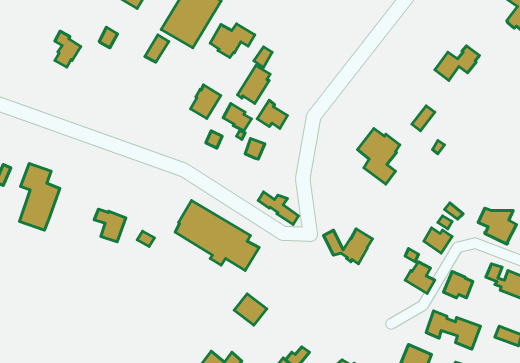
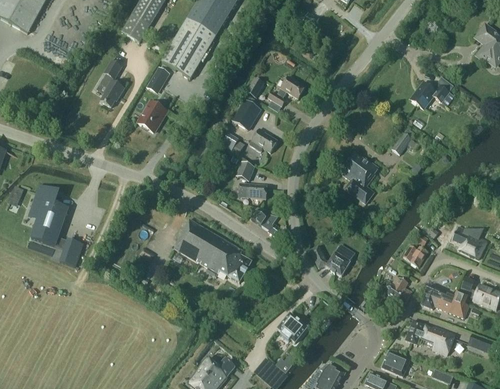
building: [210,24,255,58] -> none
building: [55,31,81,67] -> [100,74,124,107]
building: none -> [268,76,305,106]
building: [190,85,221,119] -> [138,101,166,132]
building: none -> [241,180,268,199]
building: [94,209,126,242] -> [54,236,83,266]
building: none -> [440,290,469,319]
building: [234,294,267,325] -> [278,313,308,342]

